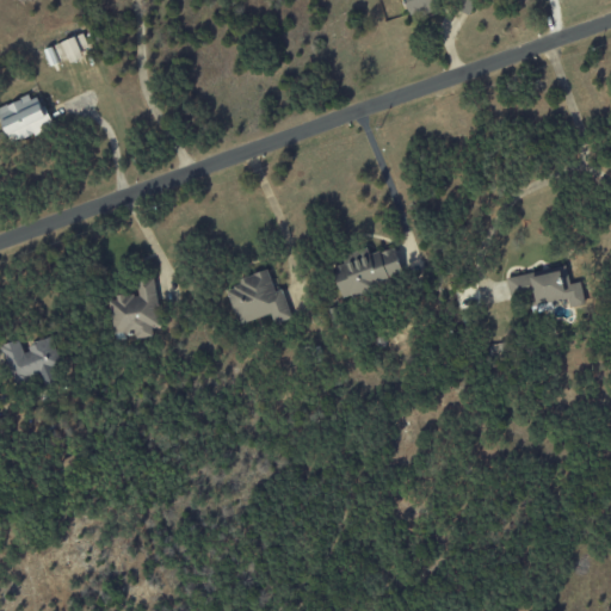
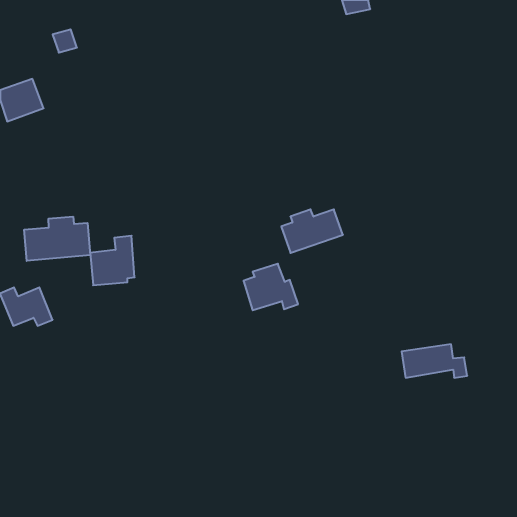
building: none -> [24,217,90,261]
building: [507,269,585,308] -> [402,344,467,378]
building: [227,270,291,325] -> [243,264,298,310]

